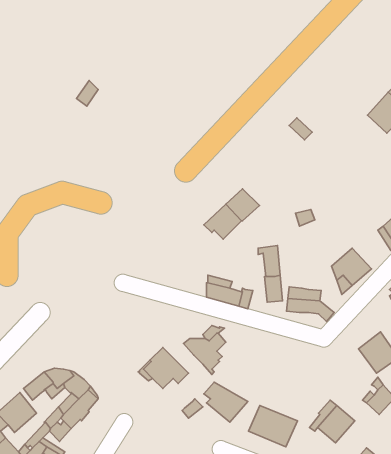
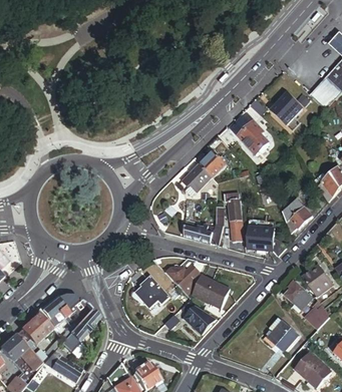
building: none -> [271,93,302,123]
building: none -> [240,121,270,154]
building: none -> [285,280,311,309]
building: [248,405,297,447] -> [194,276,232,308]

